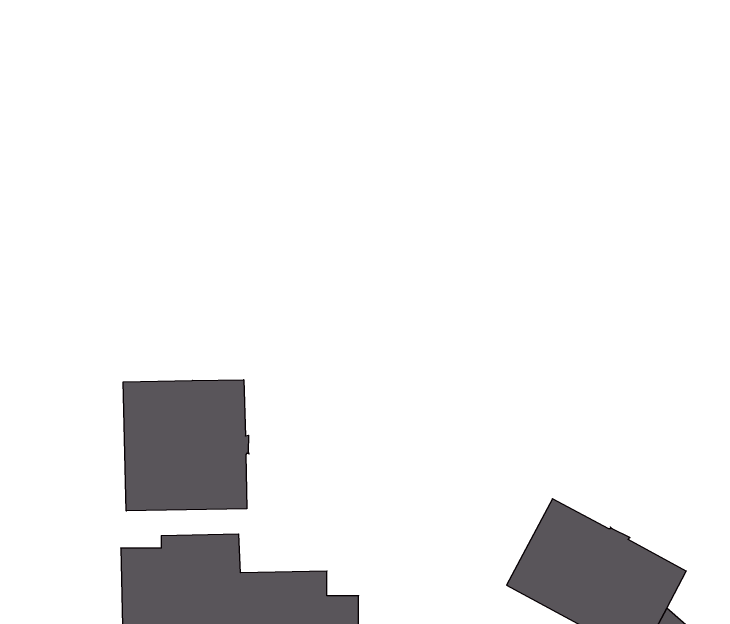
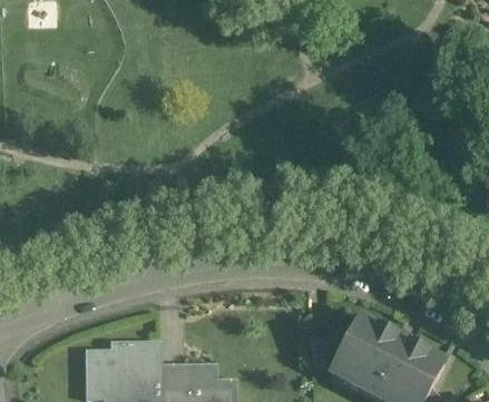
building: [123,380,249,511] -> none

